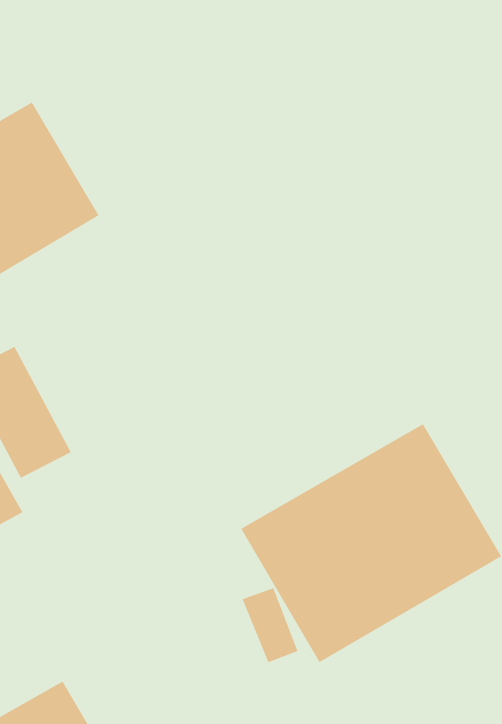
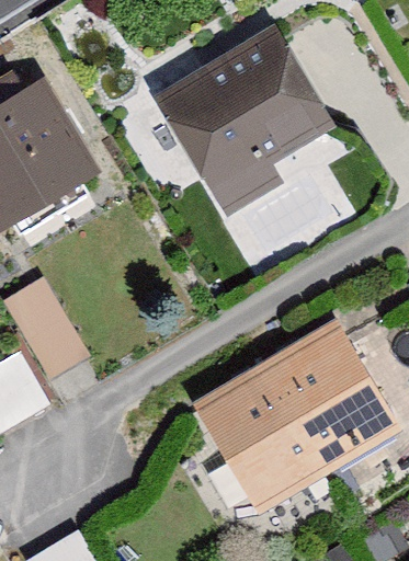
building: none -> [164,35,336,215]

